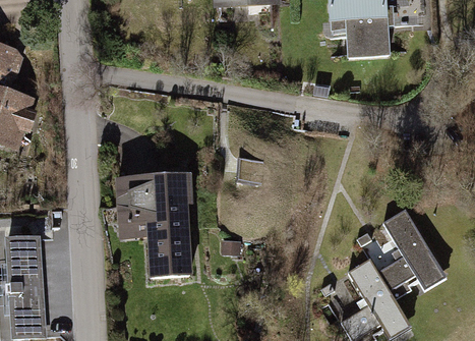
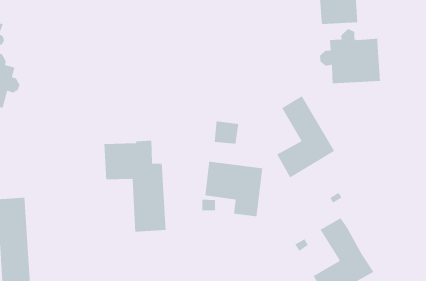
building: none -> [319,28,381,84]
building: none -> [205,161,263,217]
building: [377,209,439,296] -> [276,95,335,178]

